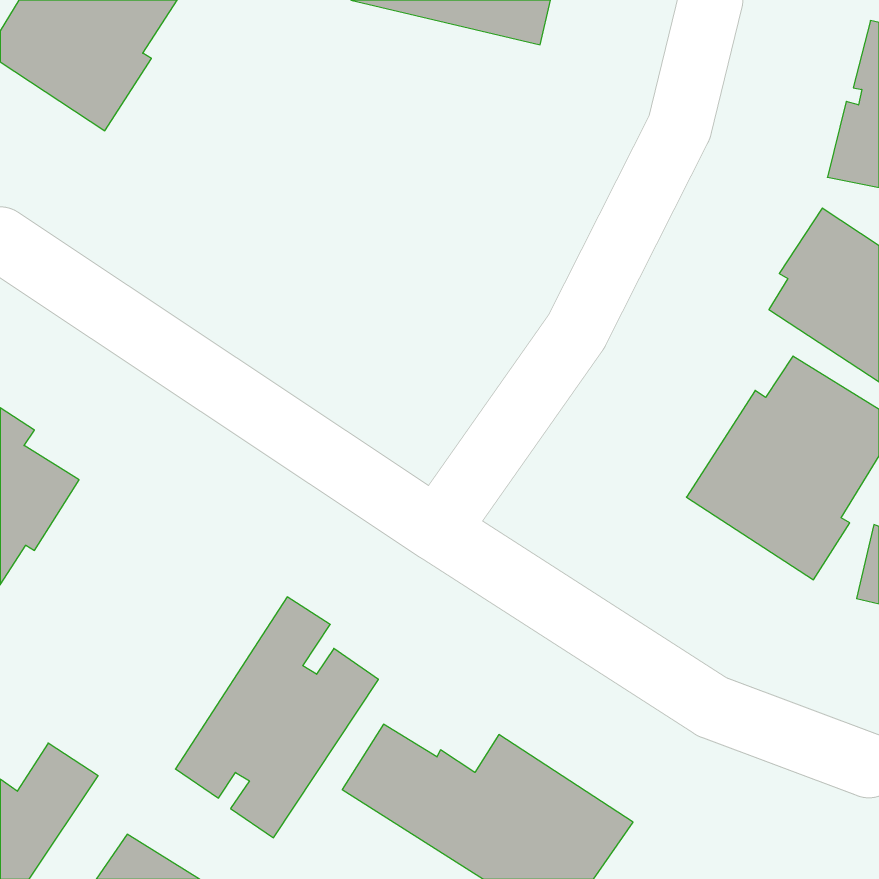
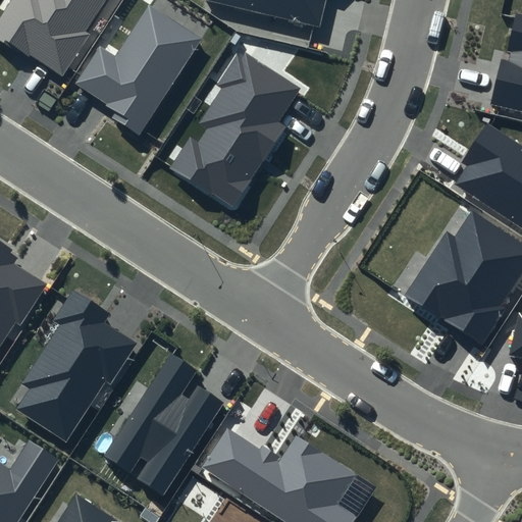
building: none -> [74,5,201,135]
building: none -> [171,54,299,207]
building: none -> [16,291,137,441]

